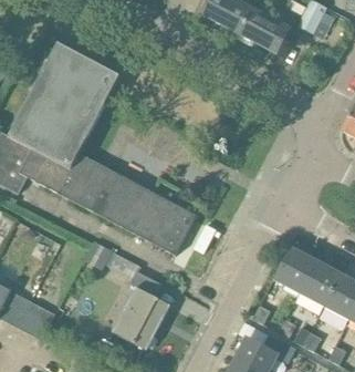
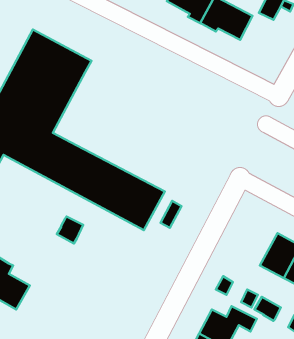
building: [272,246,316,293] -> none
building: [111,270,169,350] -> none

